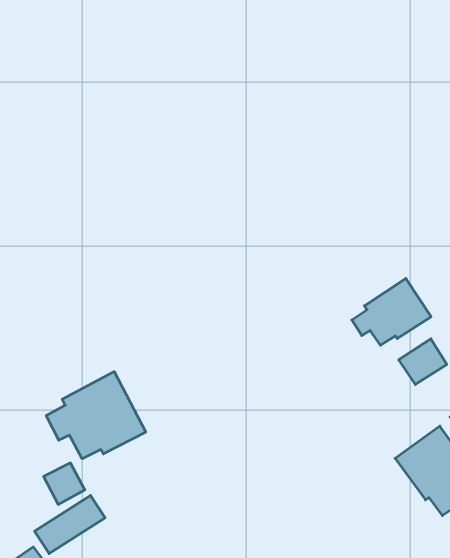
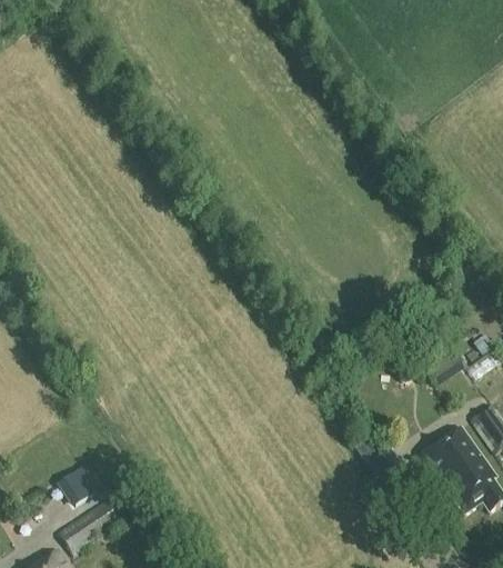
building: [352,278,431,345] -> none
building: [46,372,146,459] -> none

